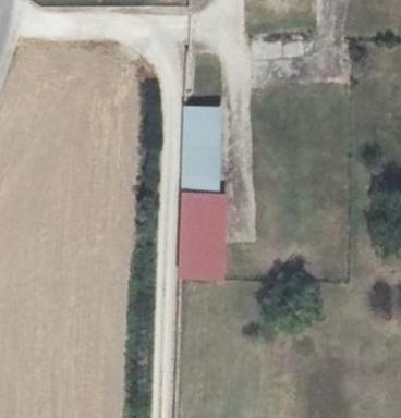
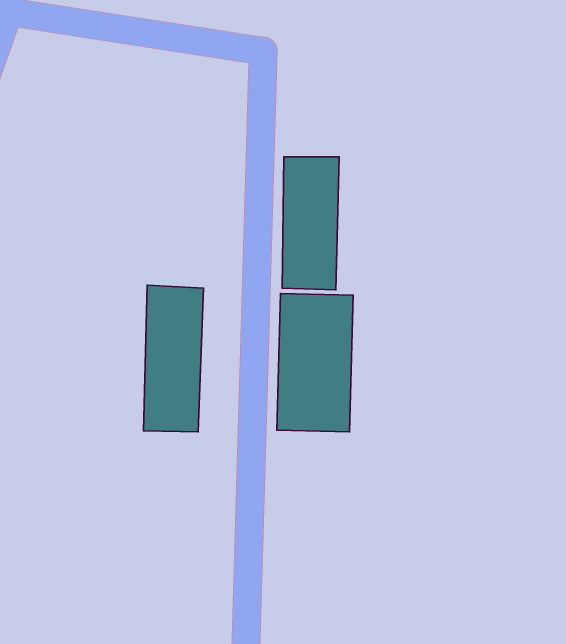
building: none -> [144,285,204,432]

